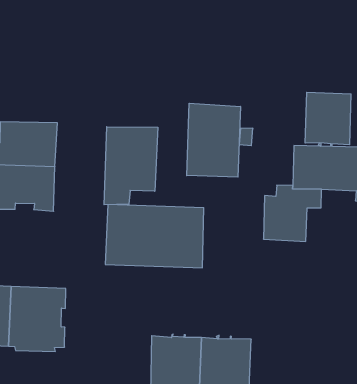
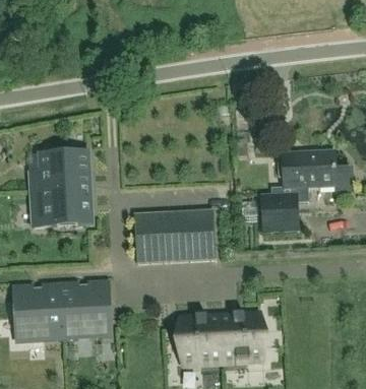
building: [305,92,351,146] -> none
building: [187,103,240,177] -> none
building: [104,127,158,205] -> none

